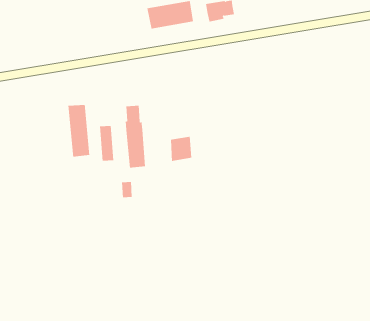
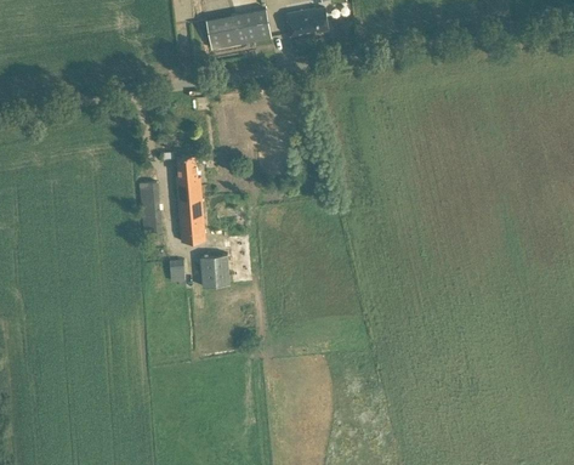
building: [68,104,90,157] -> none
building: [170,136,192,161] -> [201,254,232,289]

